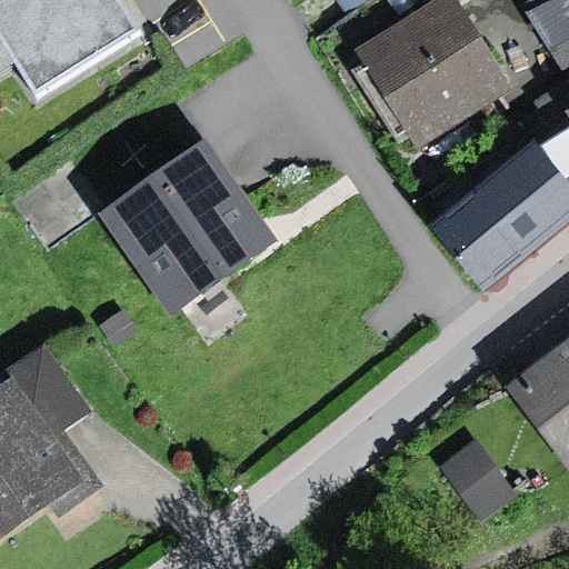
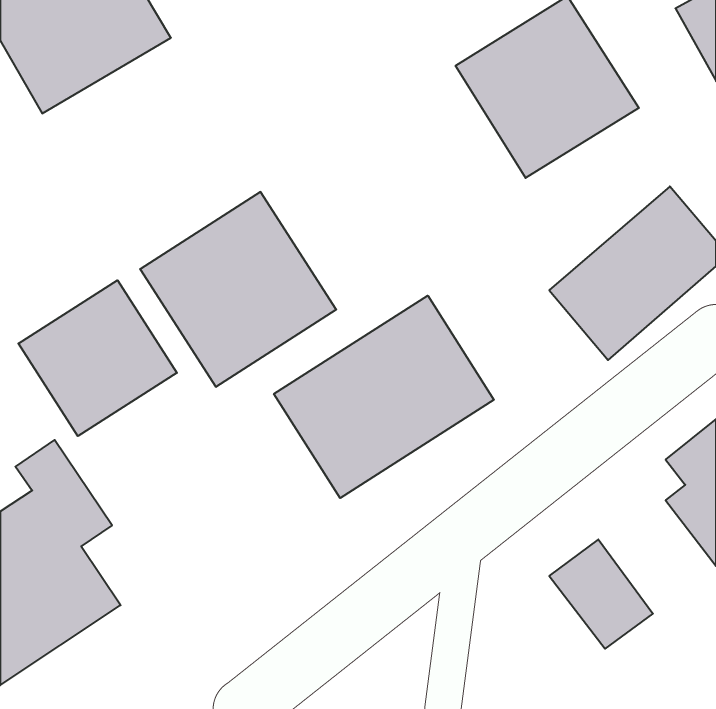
building: none -> [18,280,177,436]
building: none -> [274,296,494,498]

